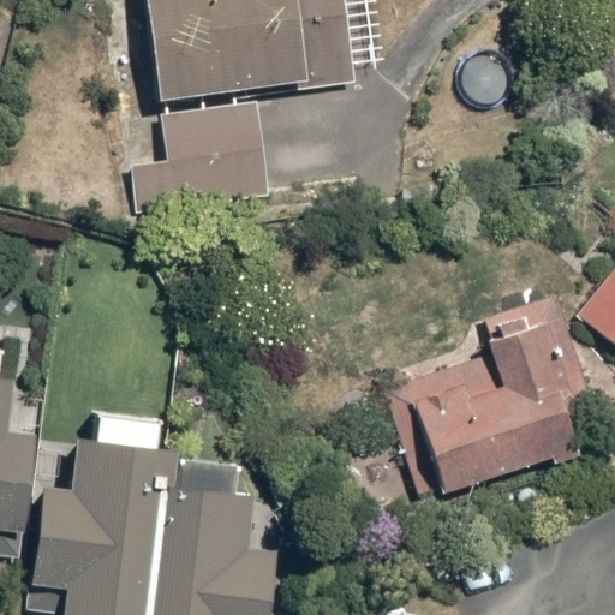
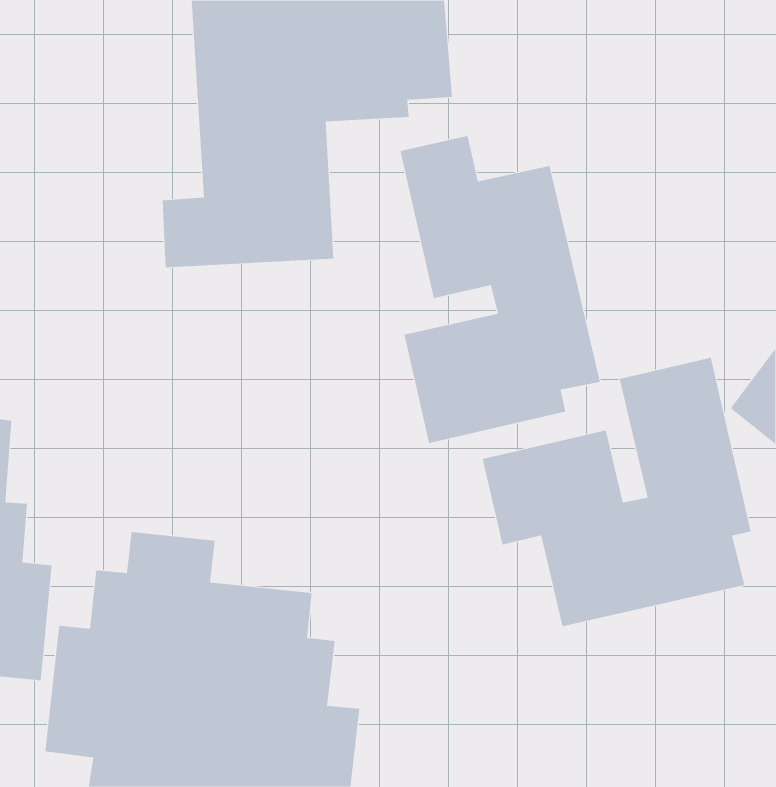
building: none -> [400,135,600,444]

